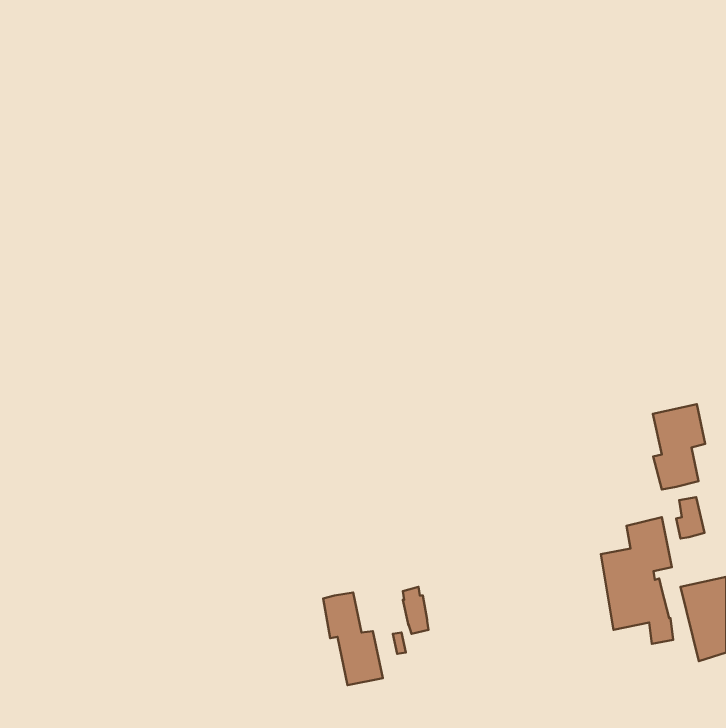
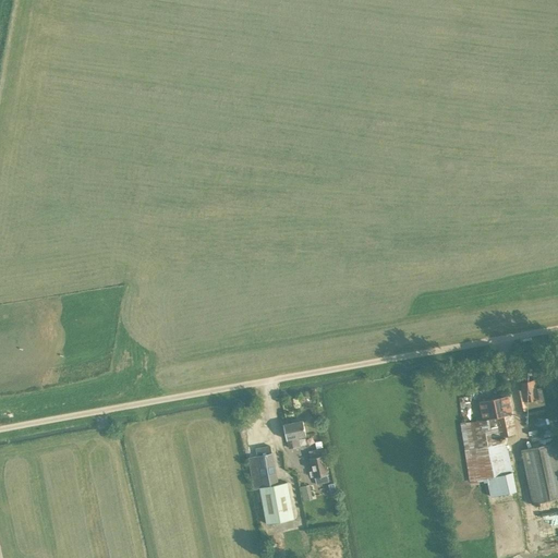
building: [653,404,705,490] -> none
building: none -> [282,421,305,449]

